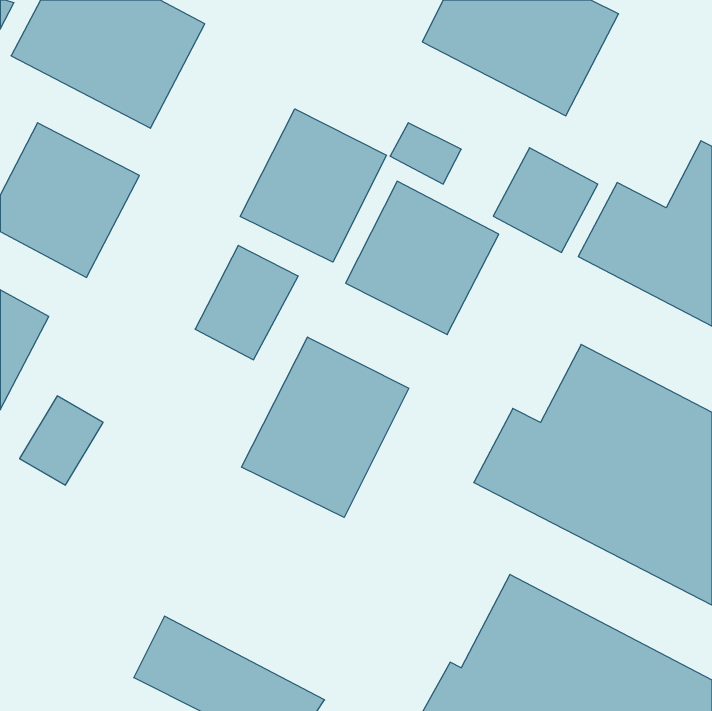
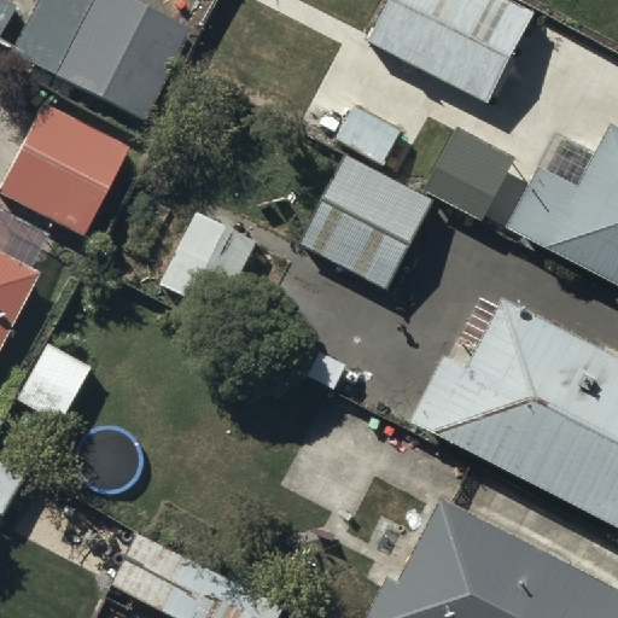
building: [240,109,386,262] -> none
building: [242,337,409,517] -> none

